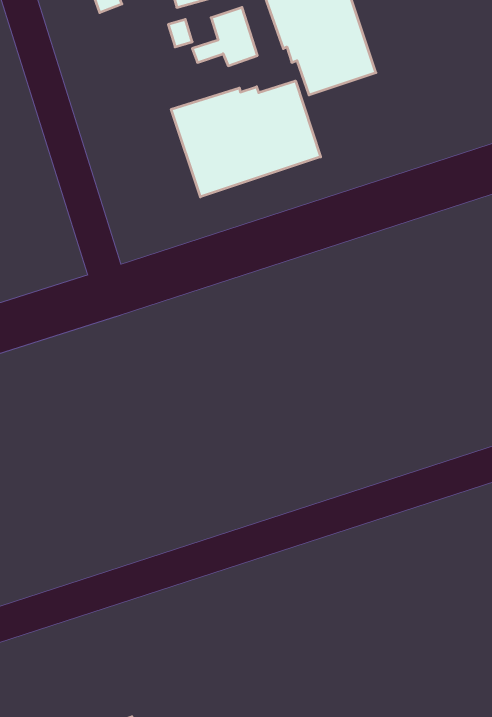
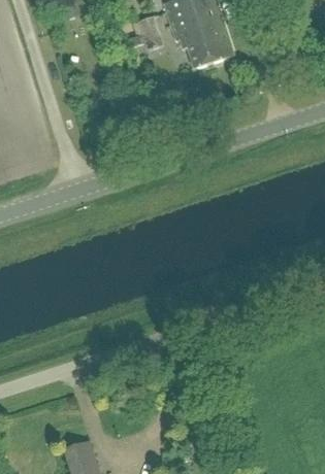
building: [171,81,321,197] -> none

